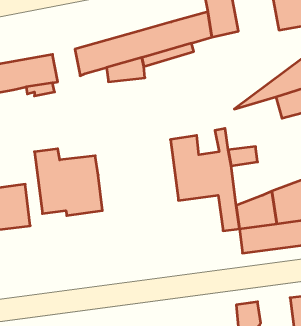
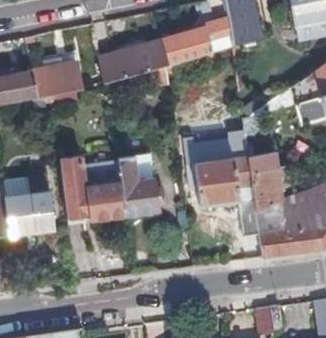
building: none -> [117,152,160,215]
building: none -> [252,167,283,210]

